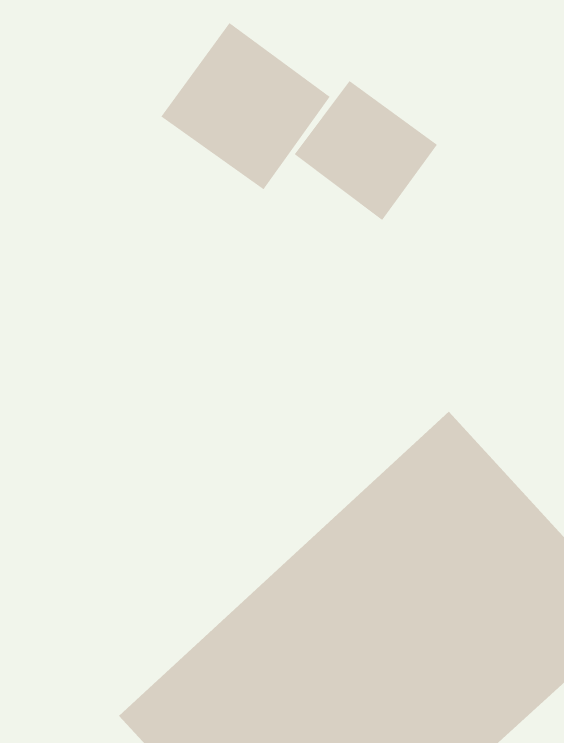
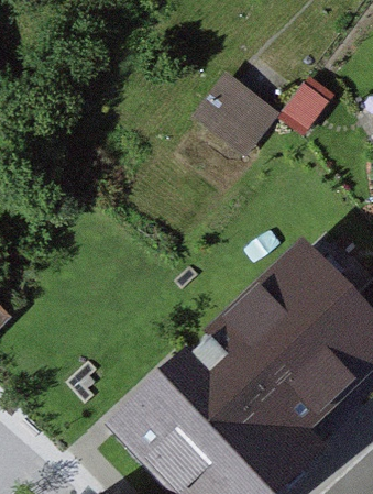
building: [160,22,331,190] -> none

